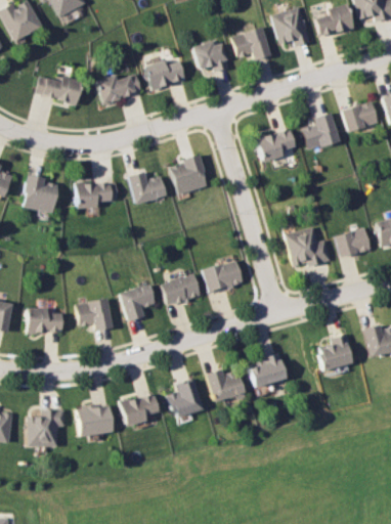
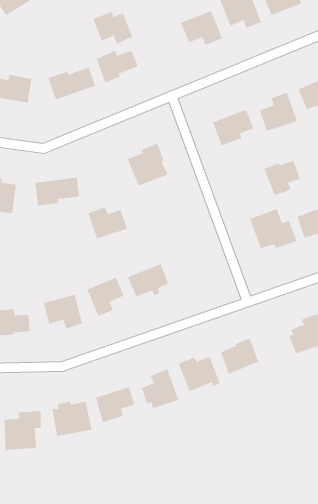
building: [191,41,230,74] -> [92,11,133,44]
building: [127,172,166,204] -> [87,207,128,239]
building: none -> [263,160,300,196]
building: [202,259,243,294] -> none

